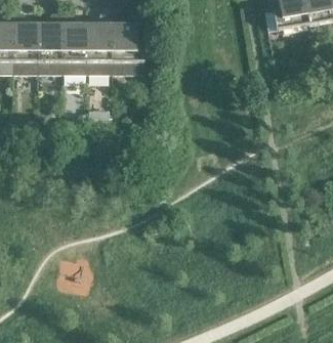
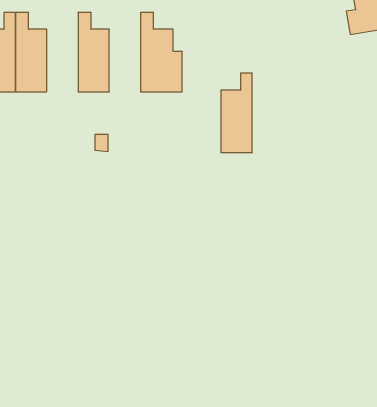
building: [38,11,63,74] -> none
building: [87,11,112,74] -> [221,73,252,153]

